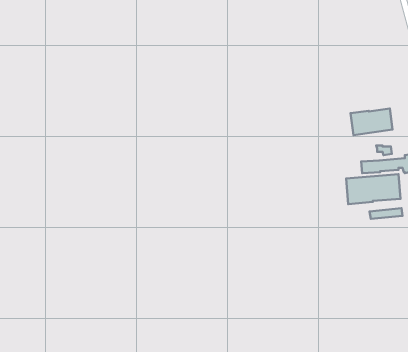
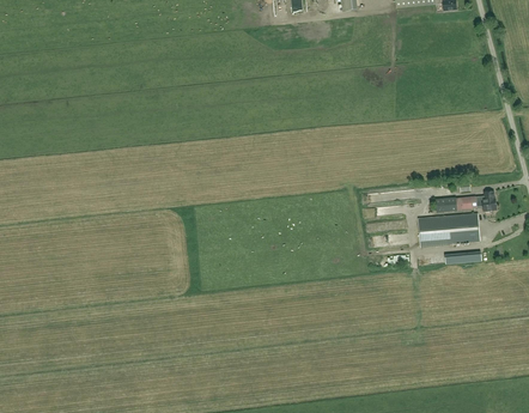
building: [350,108,393,135] -> none

